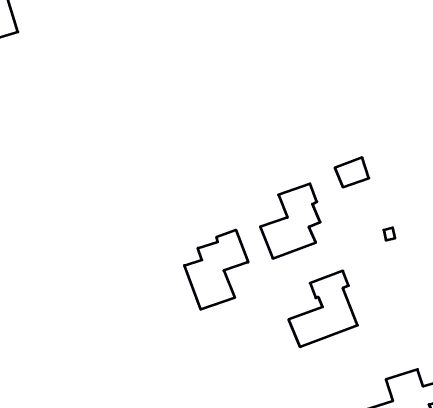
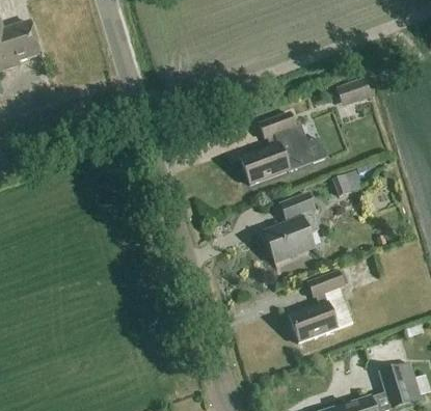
building: none -> [335,77,371,106]
building: none -> [240,111,327,184]
building: [184,230,248,309] -> none

